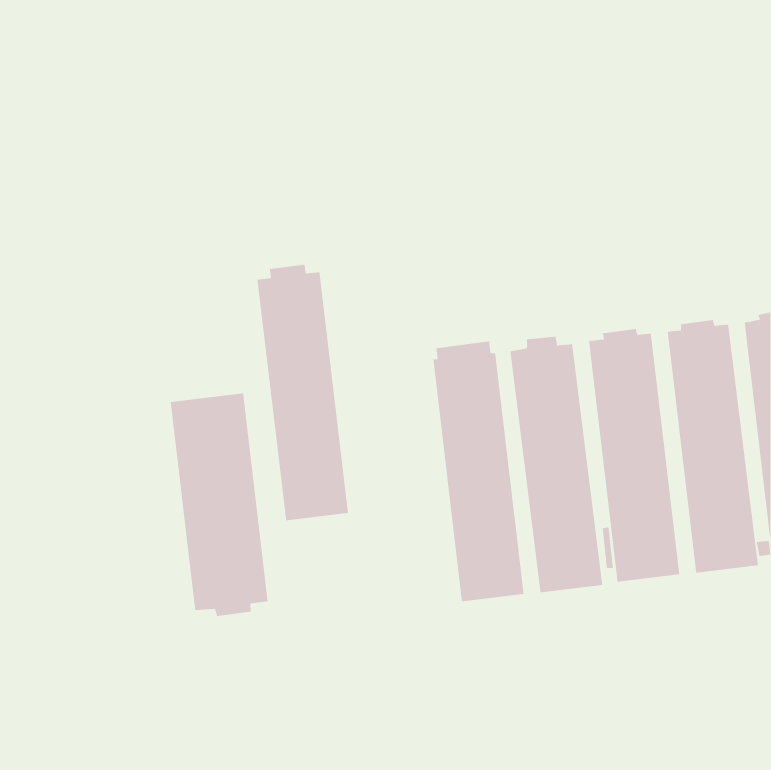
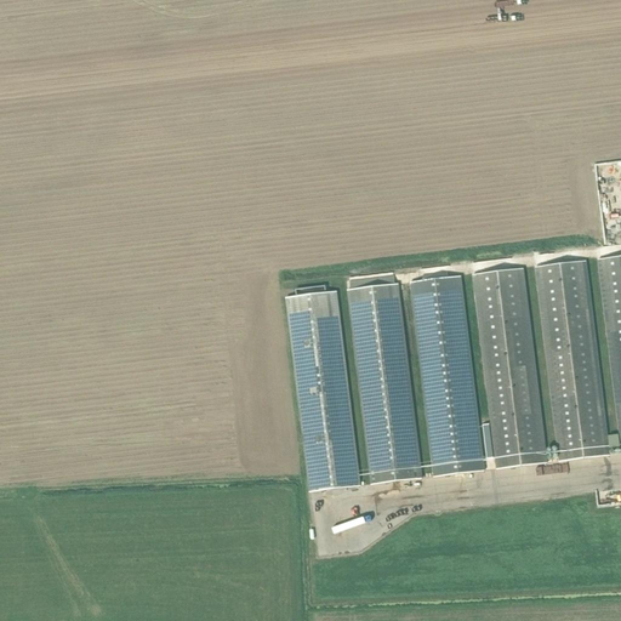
building: [257,264,349,521] -> [285,284,359,490]
building: [170,392,269,617] -> none

